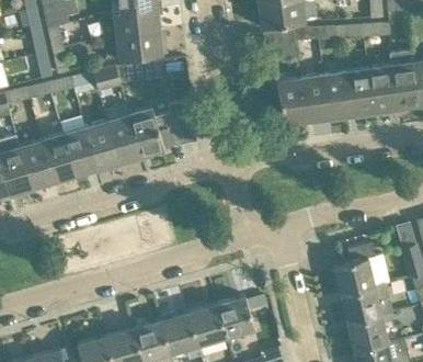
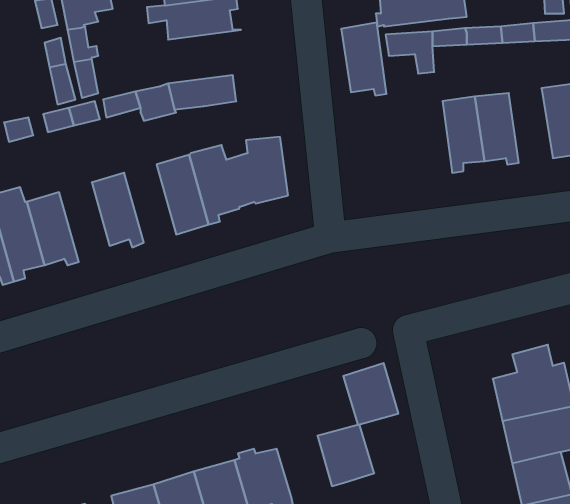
building: [115,30,167,59] -> none
building: [345,69,375,120] -> none
building: [276,78,307,127] -> [341,22,387,95]
building: [85,121,121,173] -> none
building: [42,133,76,186] -> none
building: [188,304,226,346] -> [343,363,398,425]

